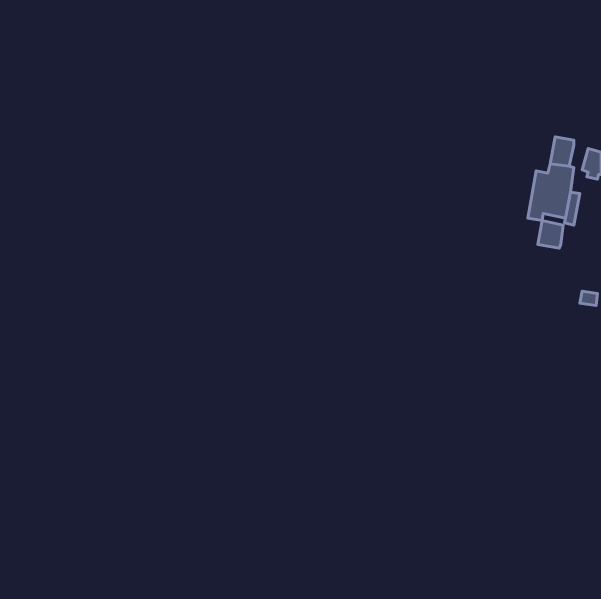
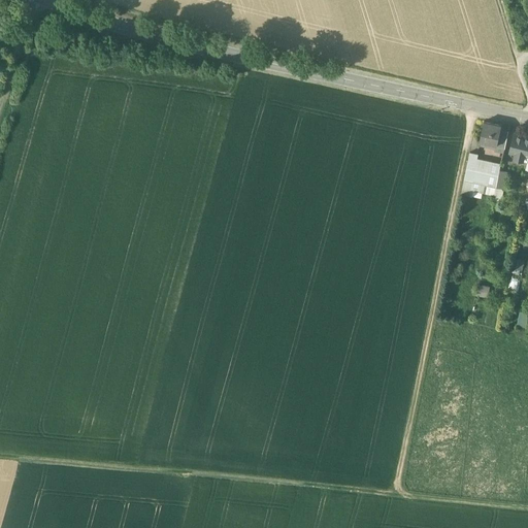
building: [538,220,563,248] -> none

